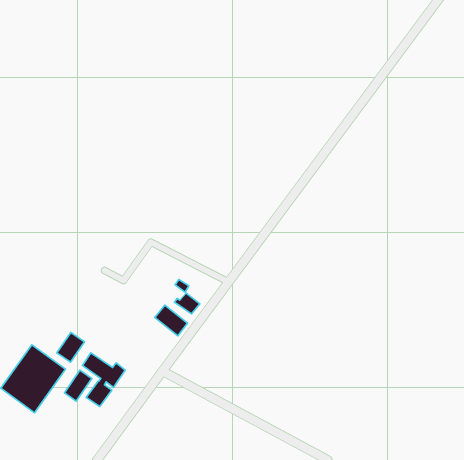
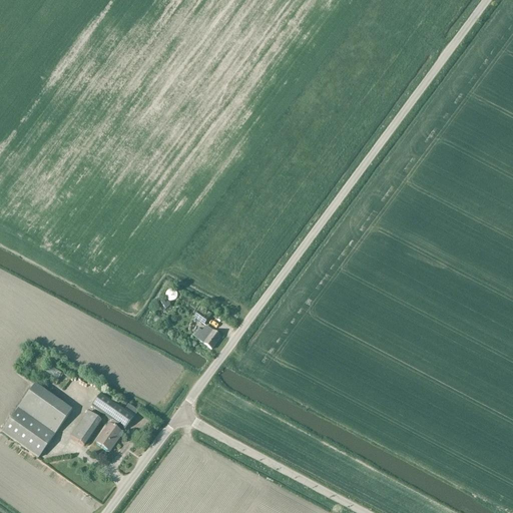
building: [155,305,188,336] -> none
building: [57,333,84,362] -> none

